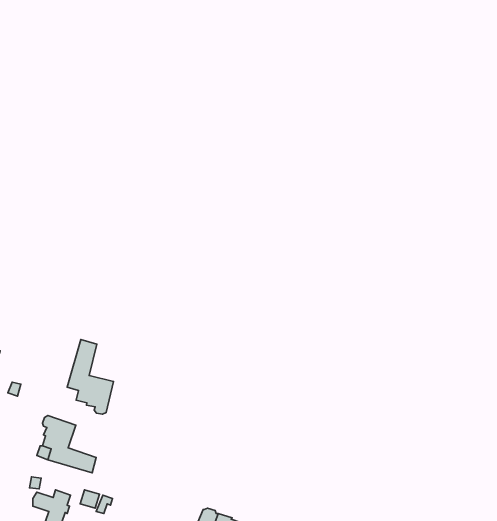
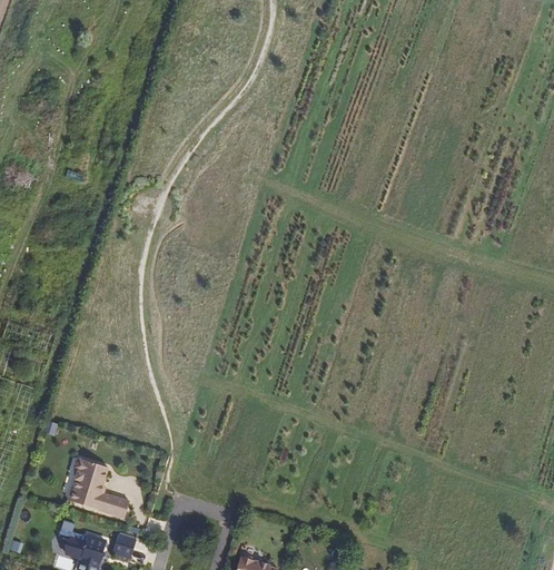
building: [67,340,114,414] -> none

